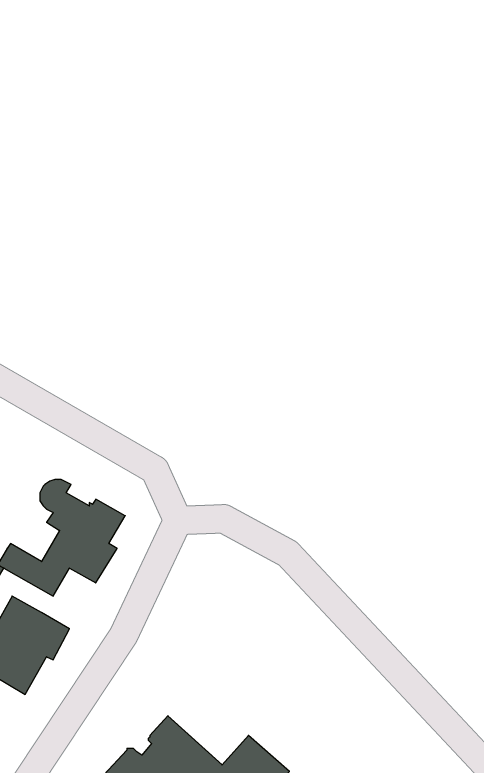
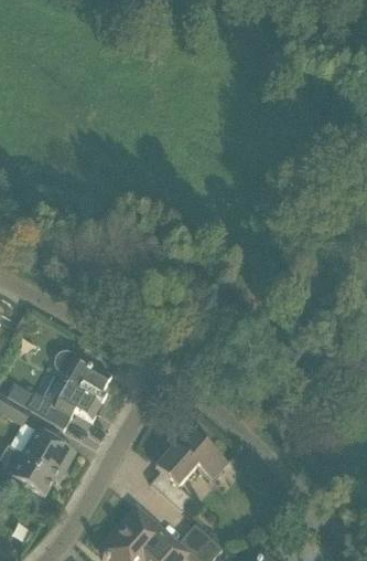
building: none -> [150,420,229,510]

